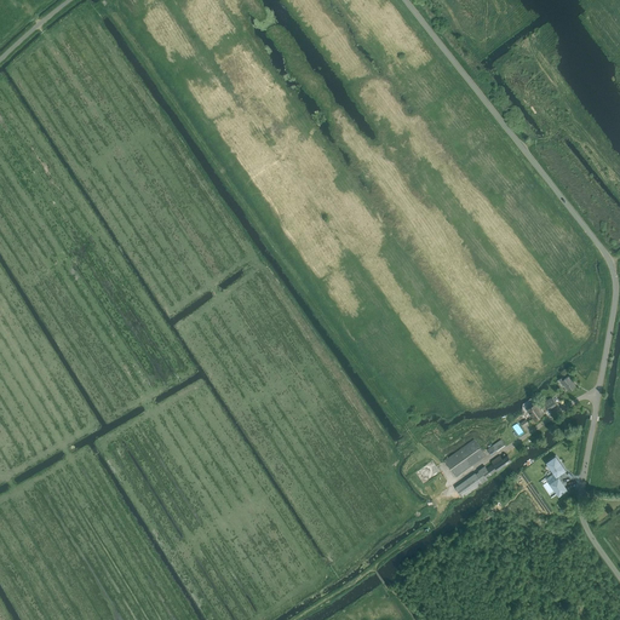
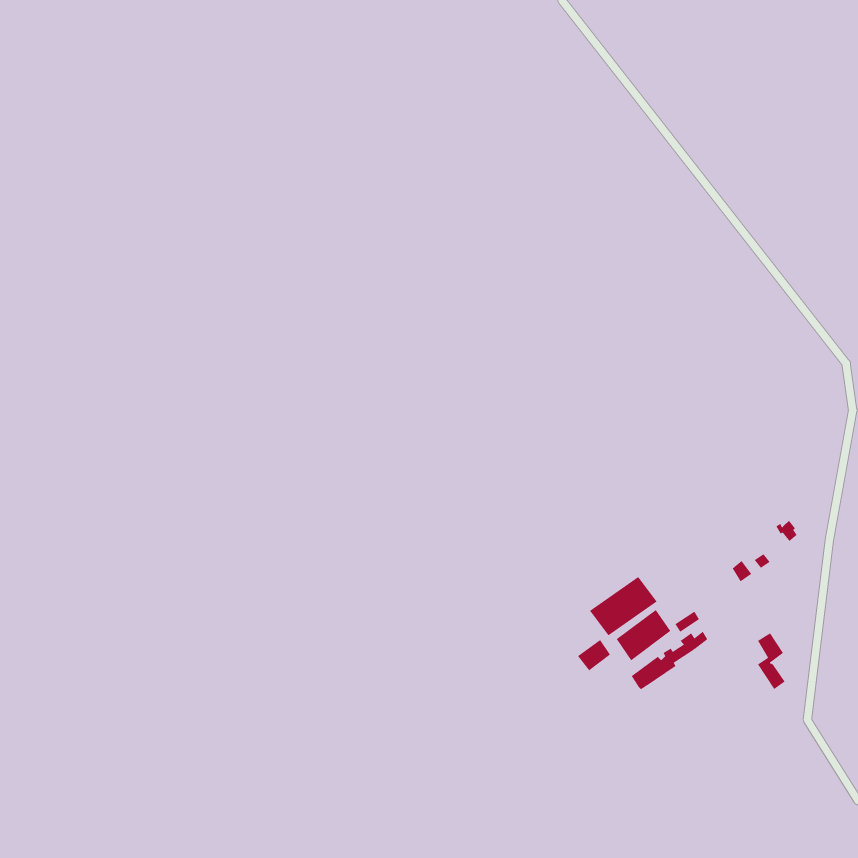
building: none -> [589,576,658,636]

